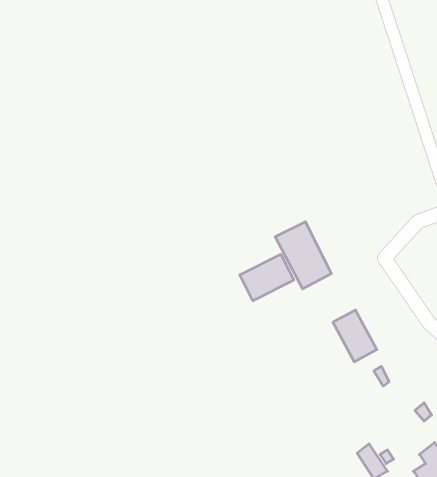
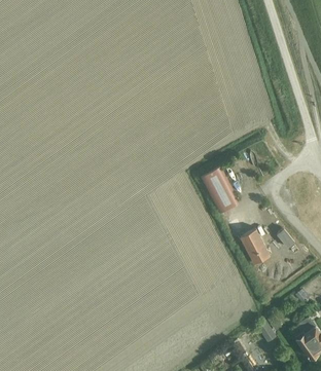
building: [240,254,294,301] -> none

